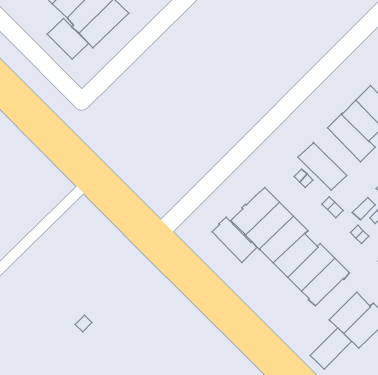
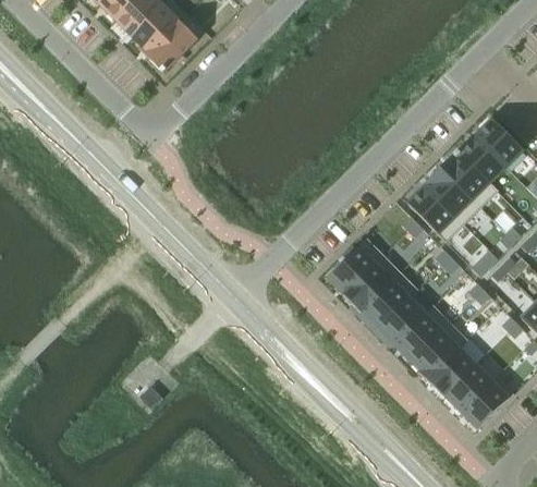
building: [47,19,88,59] -> none
building: none -> [422,167,479,223]
building: [212,217,257,262] -> none
building: [310,328,352,369] -> [426,345,475,394]

